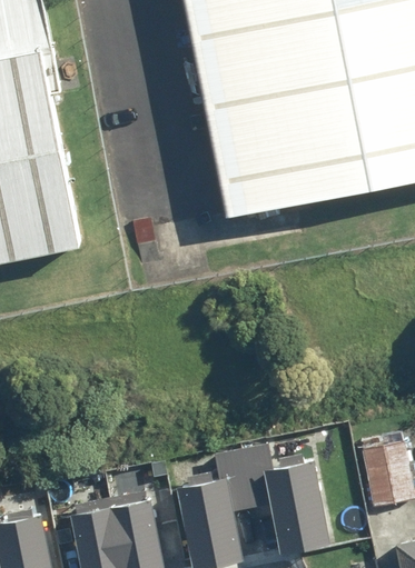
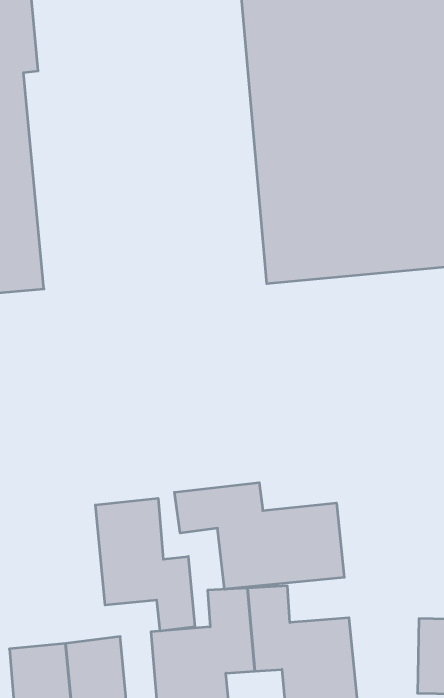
building: none -> [174,483,344,589]
building: none -> [95,498,195,631]

